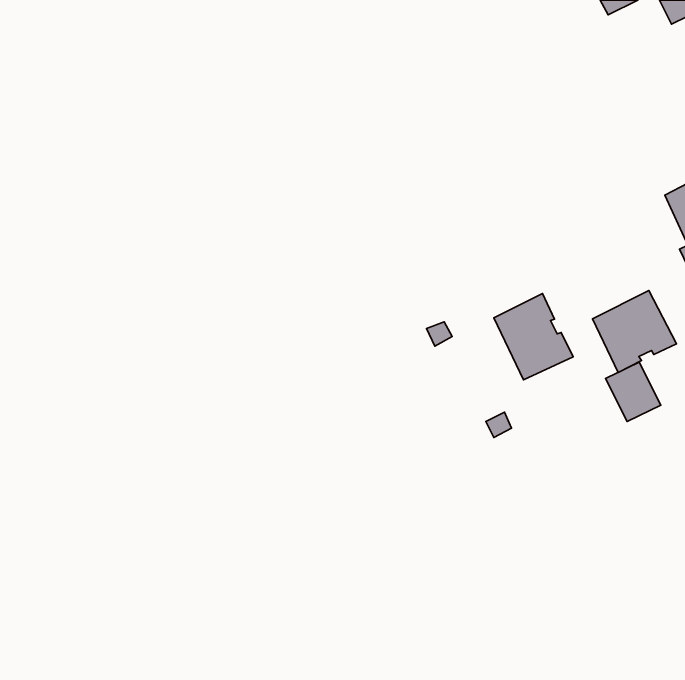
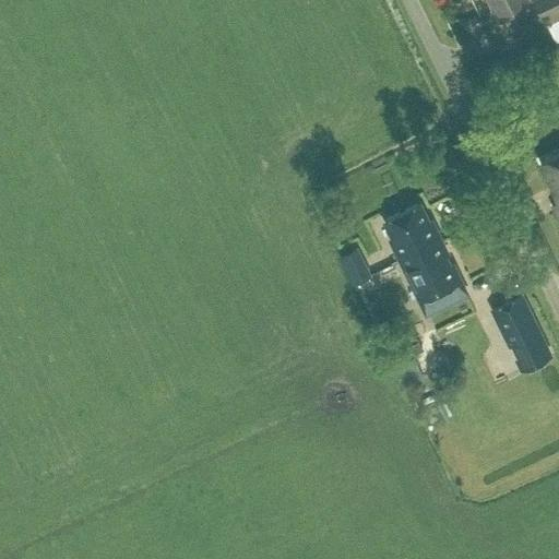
building: none -> [386,207,442,264]
building: [592,290,676,372] -> none

